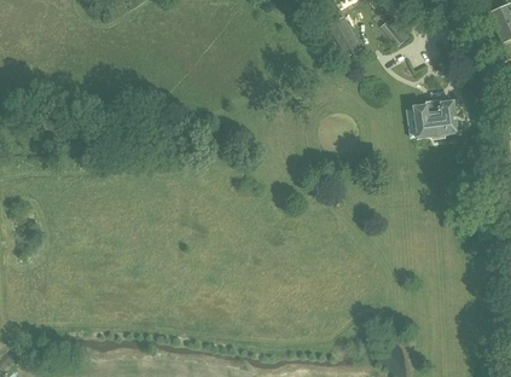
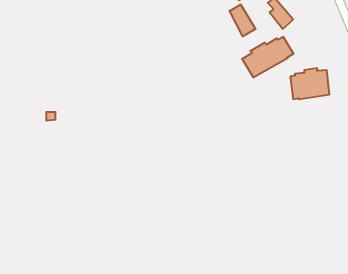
building: none -> [242,37,293,77]

